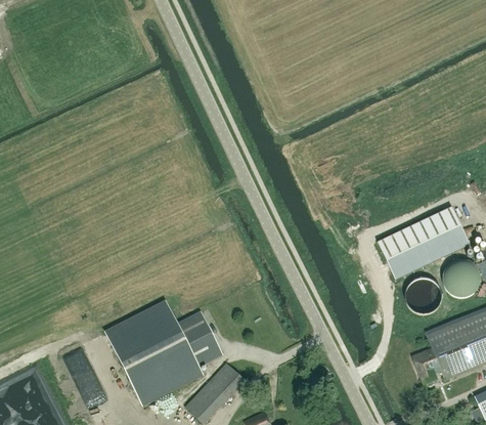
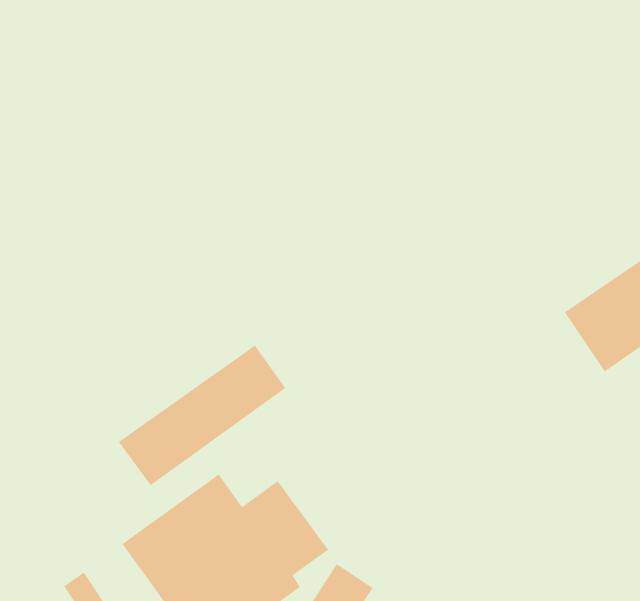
building: none -> [118,344,286,486]

